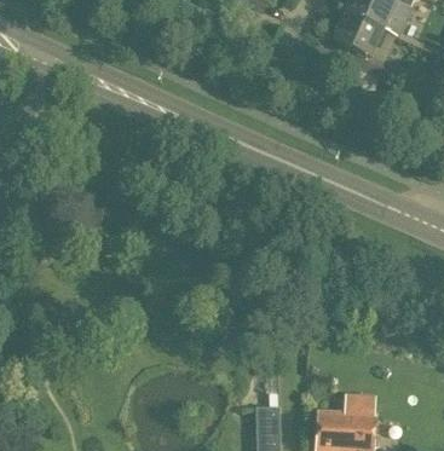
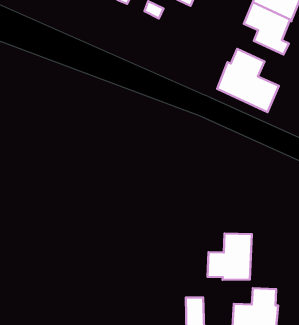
building: none -> [217,49,279,112]
building: none -> [207,234,252,280]

